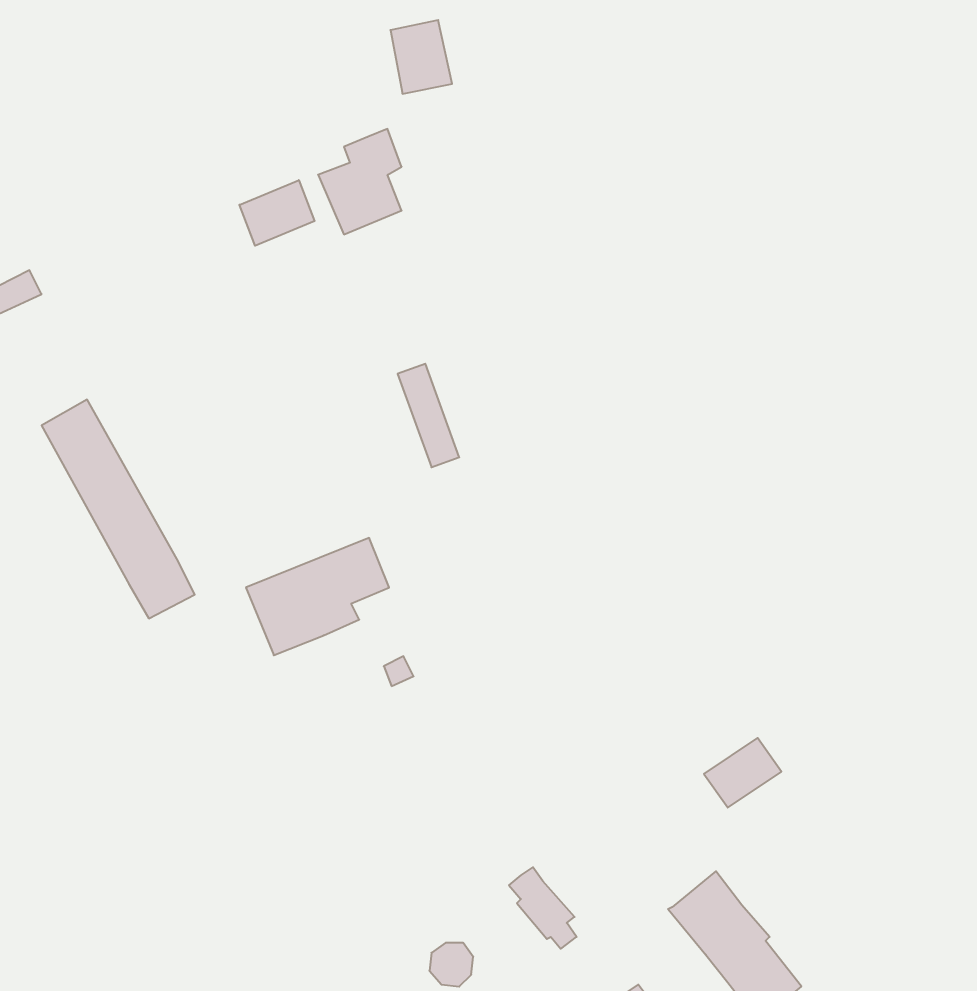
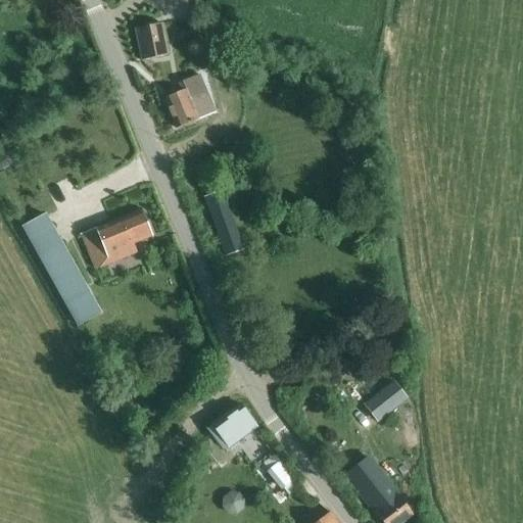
building: [390,20,452,94] -> [137,22,169,60]
building: [239,180,315,246] -> none
building: [246,538,389,655] -> [80,209,153,270]
building: none -> [215,403,256,444]

